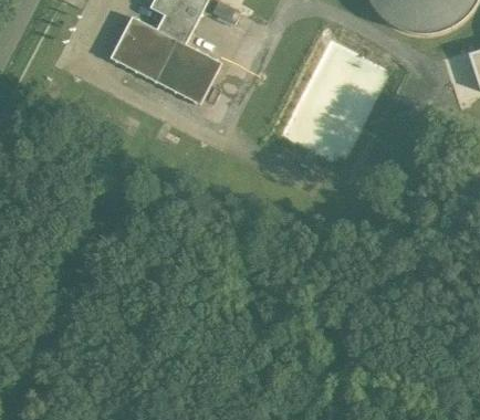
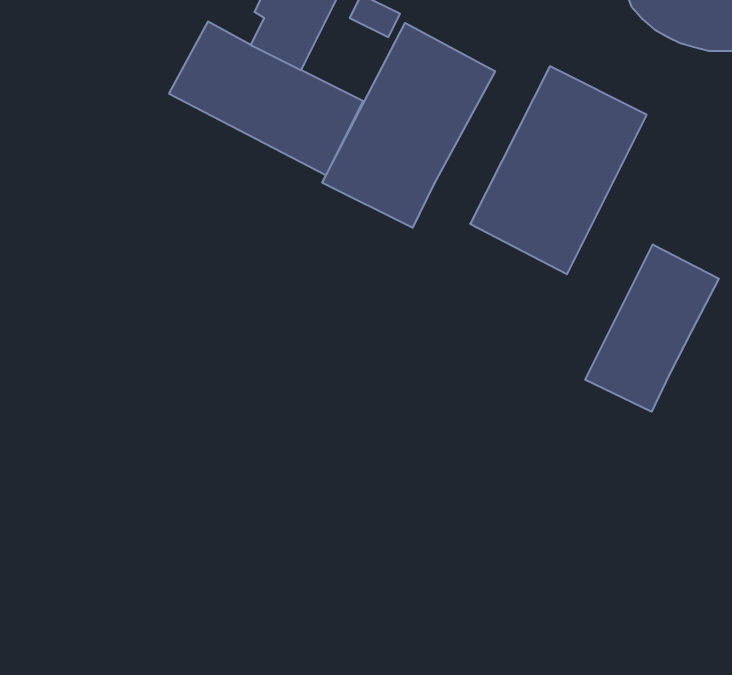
building: none -> [322,23,495,228]
building: none -> [585,244,719,412]

